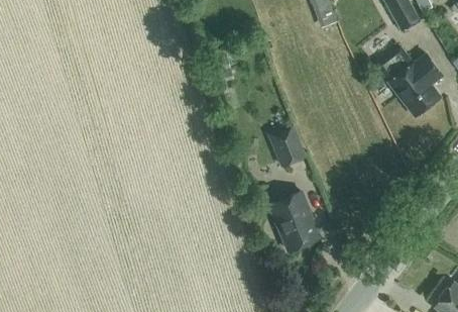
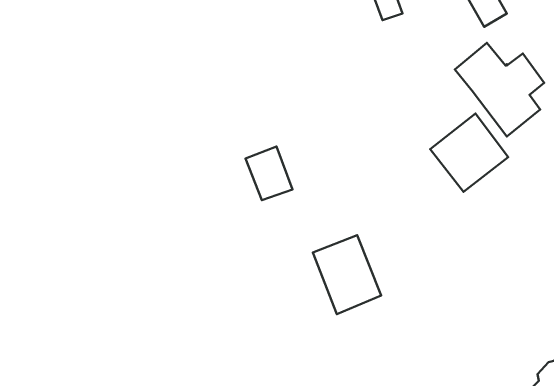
building: none -> [430,113,508,192]
building: [272,125,308,166] -> [246,147,292,200]

